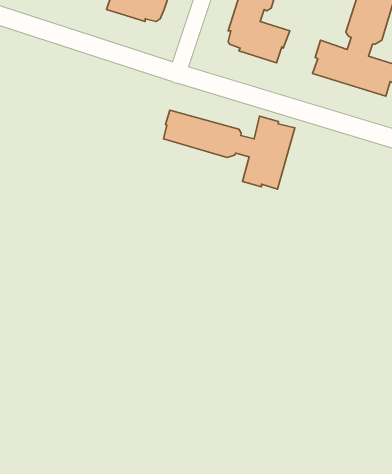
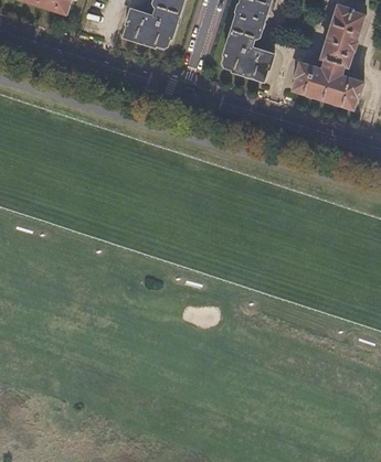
building: [163,110,295,189] -> none

